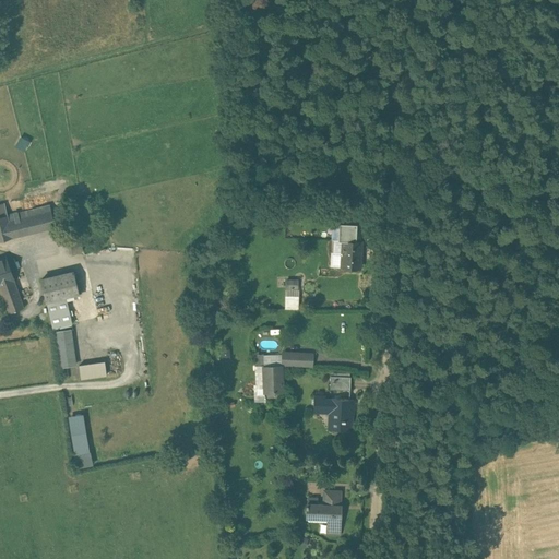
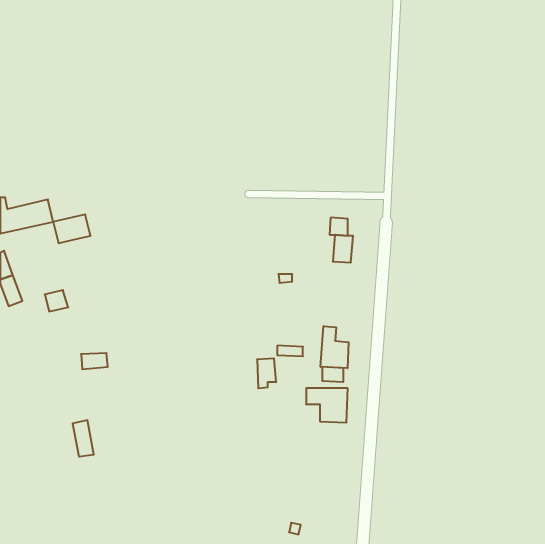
building: [40,273,79,302] -> [53,214,91,243]
building: [53,330,78,369] -> none
building: none -> [321,326,348,368]
building: [306,490,342,537] -> none

